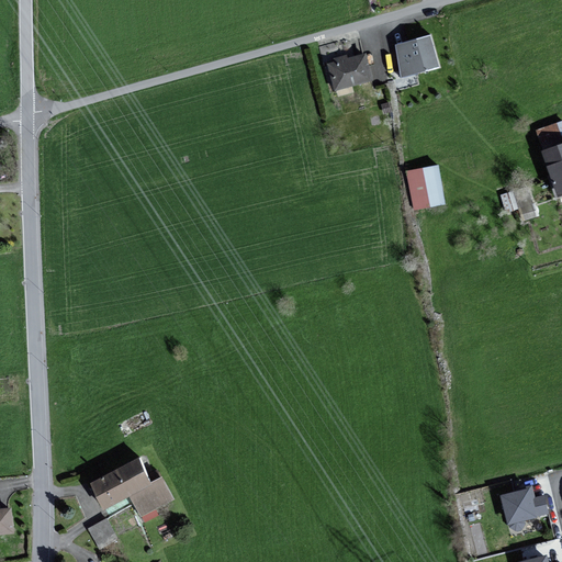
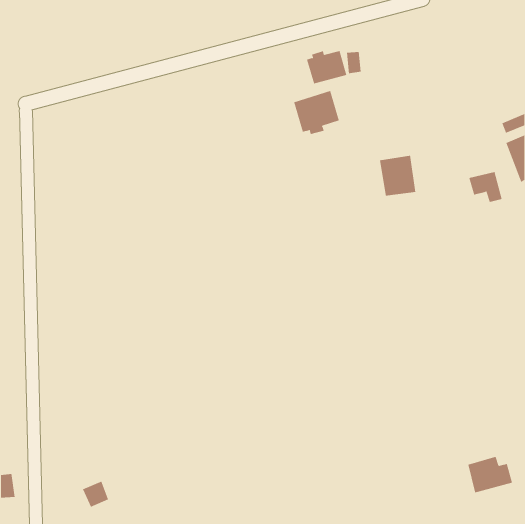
building: [394,37,437,76] -> none
building: none -> [294,90,339,135]
building: [90,459,173,517] -> none

